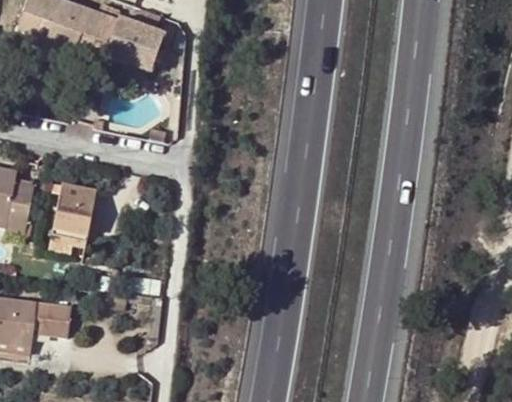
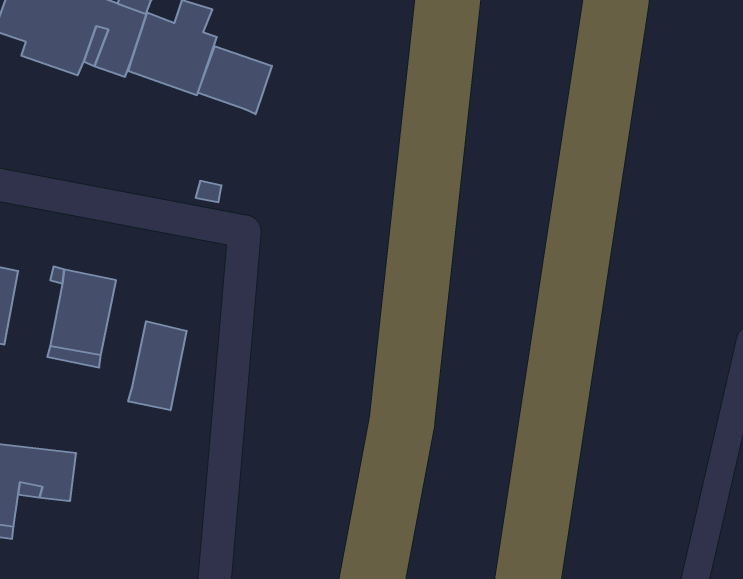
building: none -> [198,46,272,114]
building: none -> [128,321,187,410]

